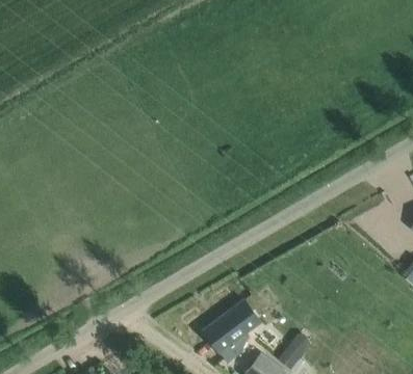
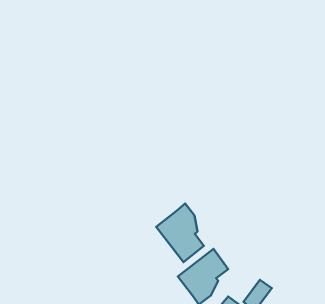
building: none -> [156,204,204,262]

